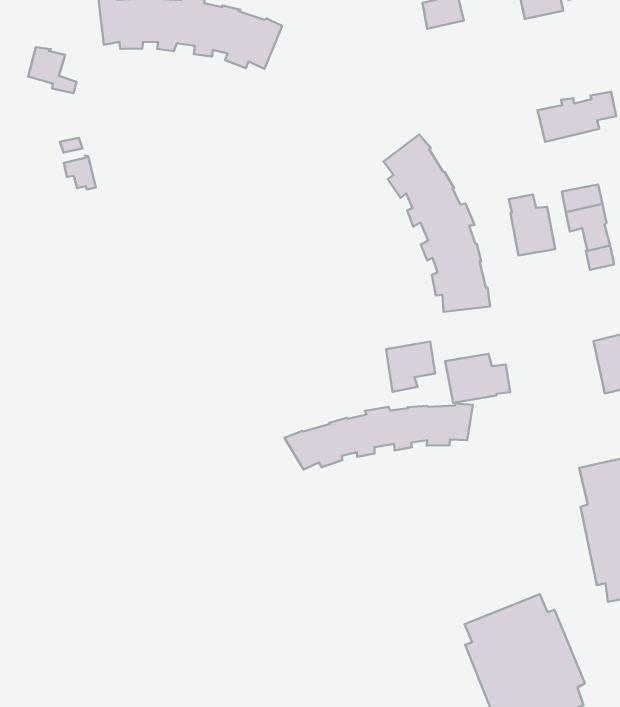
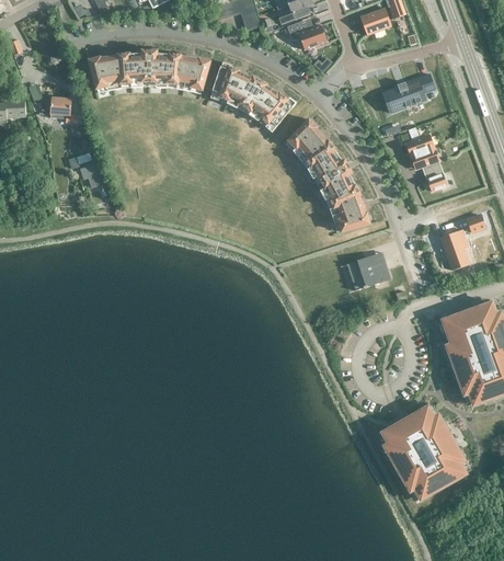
building: none -> [209,60,295,131]
building: [509,195,555,256] -> none
building: [386,341,435,392] -> none
building: [285,404,473,470] -> none

